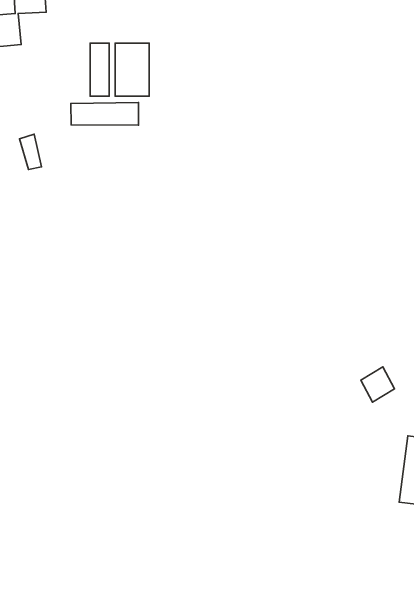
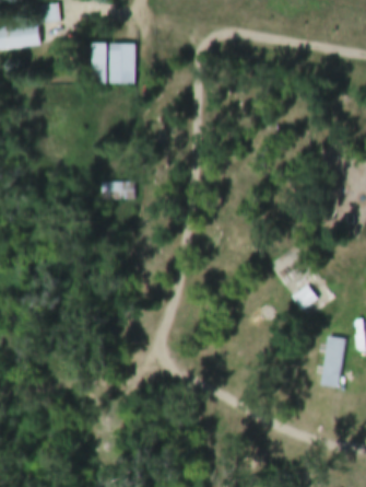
building: [71,103,139,125] -> none
building: none -> [103,182,137,200]

